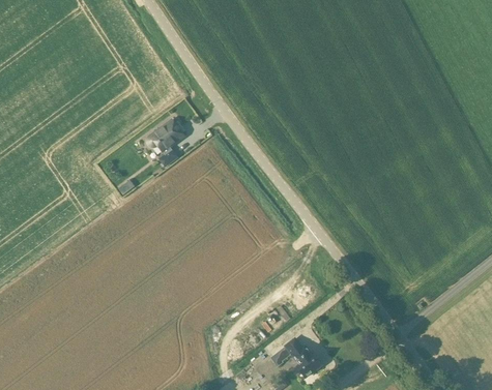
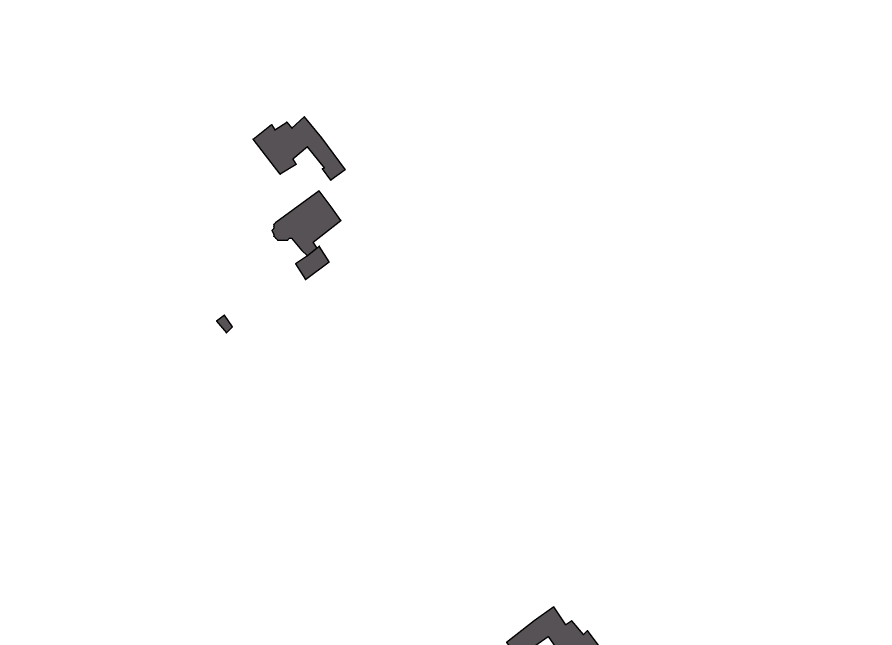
building: none -> [253,117,345,180]

